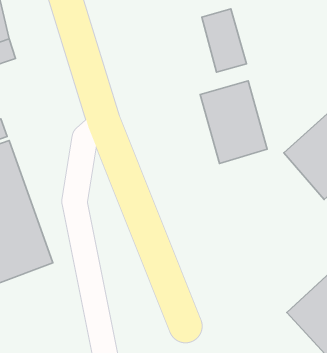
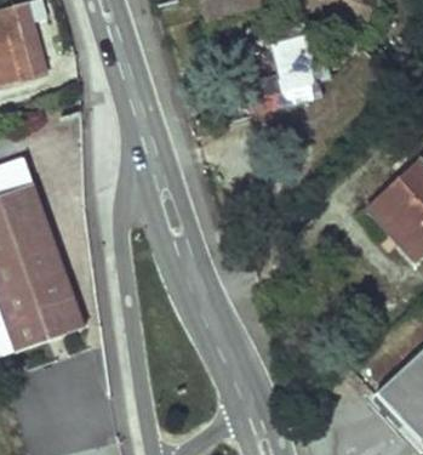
building: [200,81,267,163] -> none

